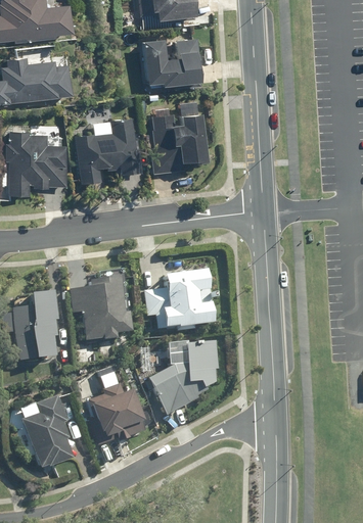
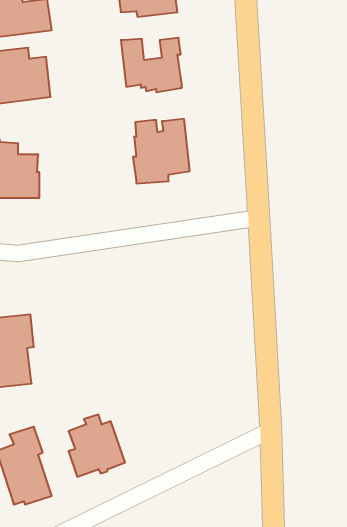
building: [75,118,136,184] -> none
building: [146,271,209,328] -> none
building: [72,278,132,341] -> none
building: [150,342,220,416] -> none

